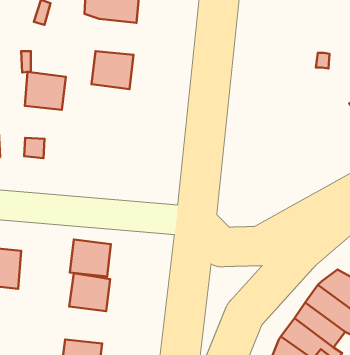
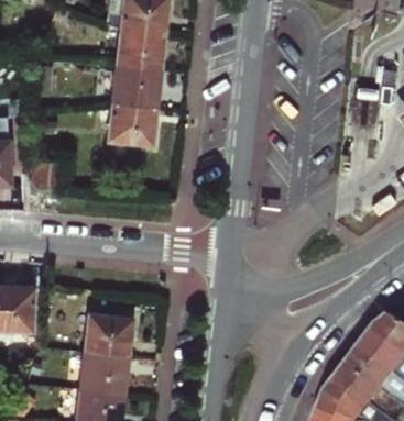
building: none -> [116,25,162,66]
building: [25,72,66,110] -> [108,99,154,142]
building: [70,239,111,276] -> [81,350,128,391]

